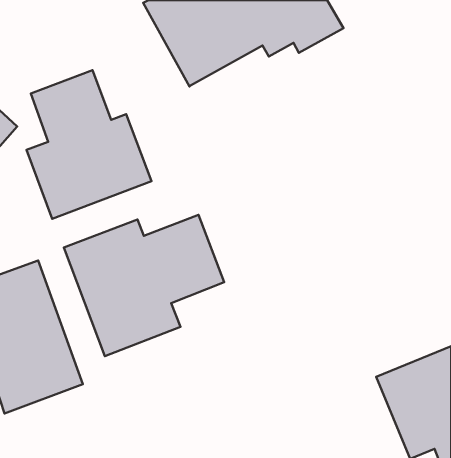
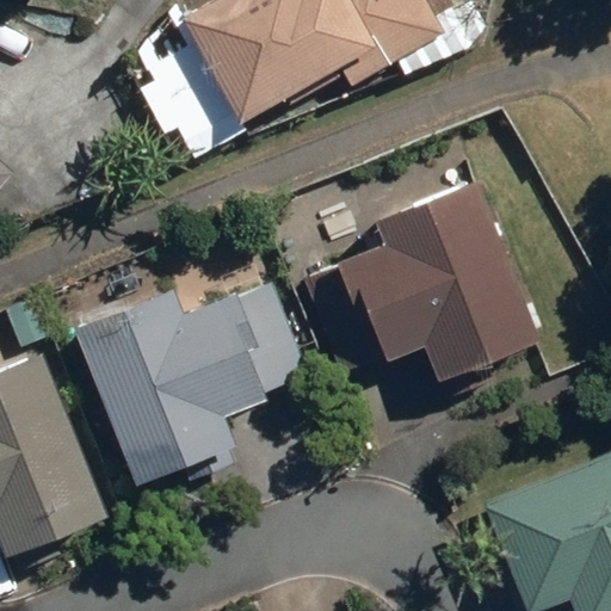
building: [26,70,151,219] -> none
building: none -> [347,181,541,381]

